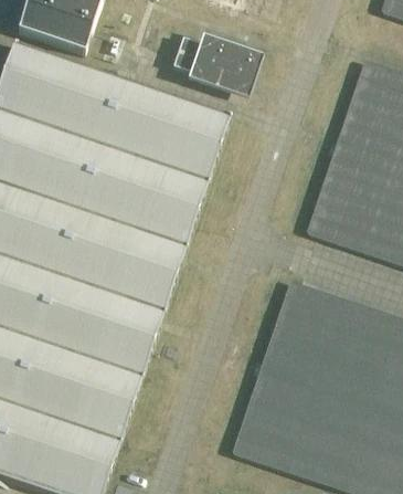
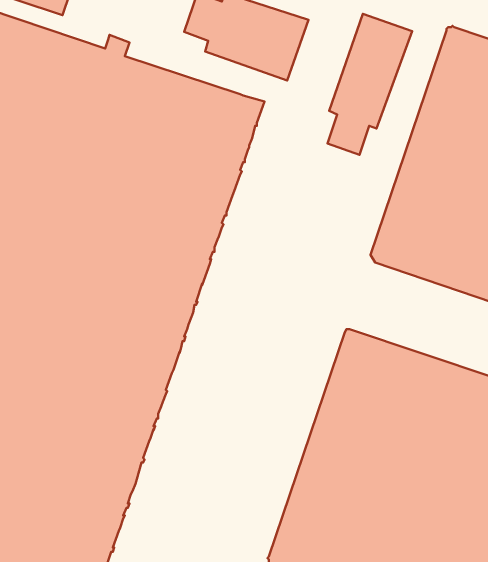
building: none -> [328,14,412,155]

